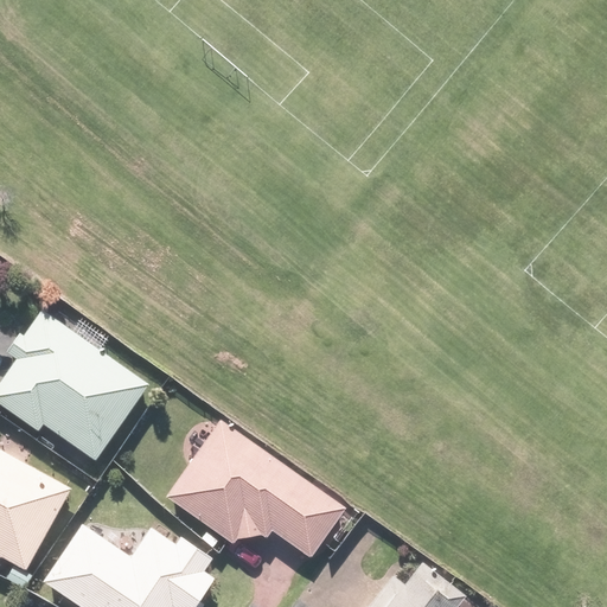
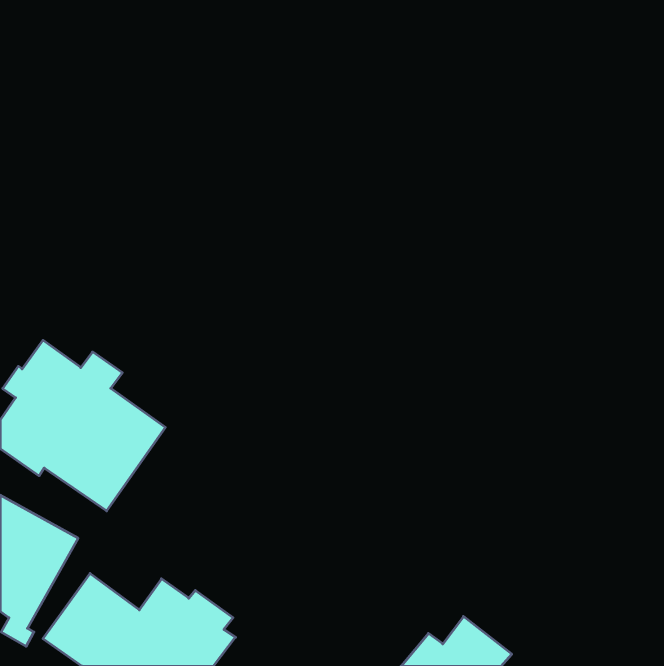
building: [161,420,346,560] -> none

